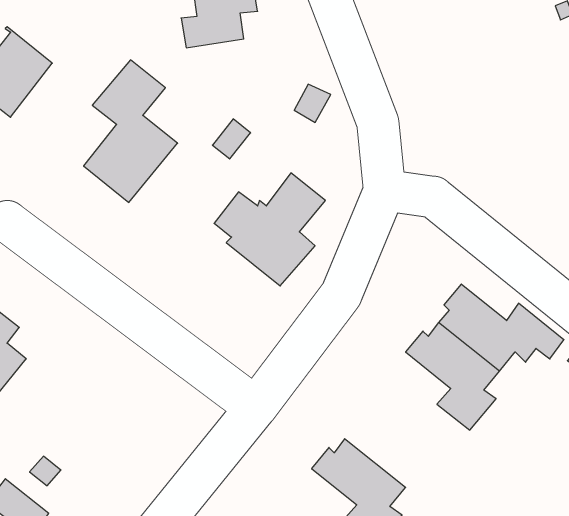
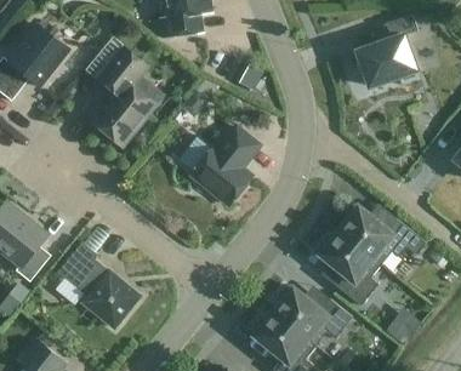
building: none -> [358,13,419,85]
building: none -> [57,240,141,327]
building: none -> [273,284,352,344]

